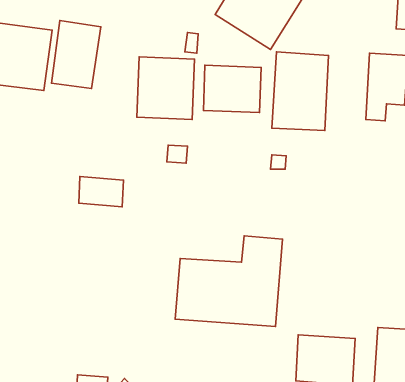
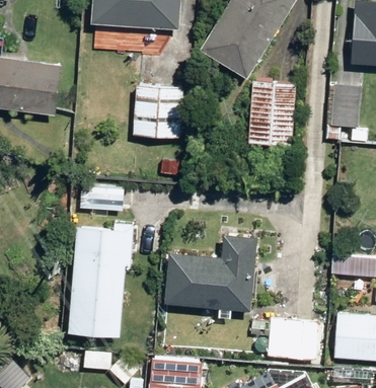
building: [51,21,101,88] -> none
building: [203,65,261,113] -> none
building: none -> [70,223,135,336]

